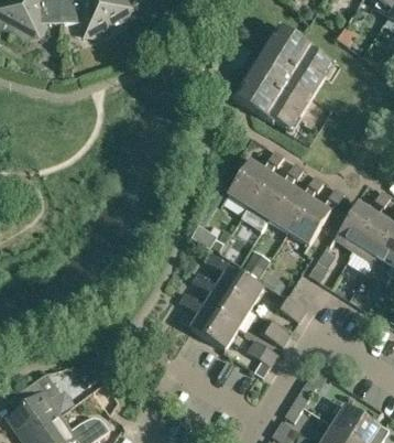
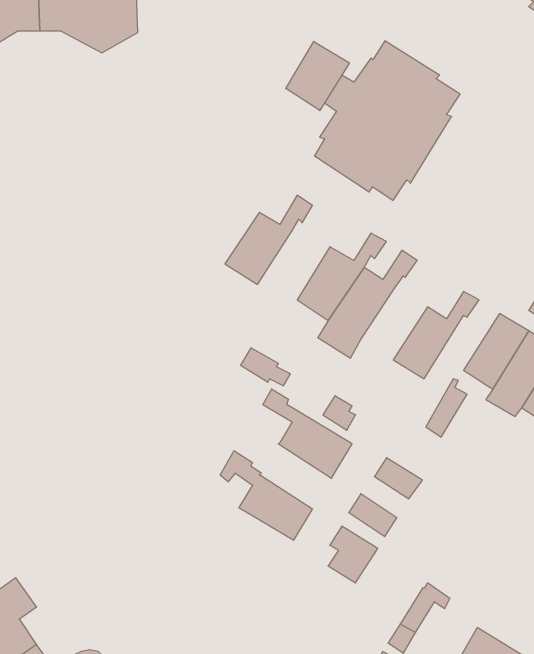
building: none -> [286,41,349,111]
building: [267,175,324,233] -> [225,195,312,284]
building: [193,271,249,328] -> none

